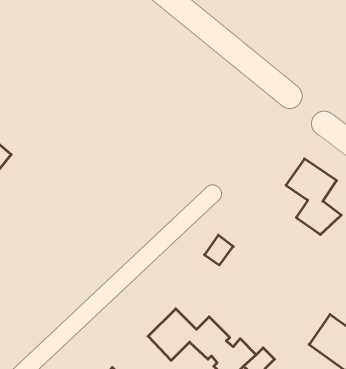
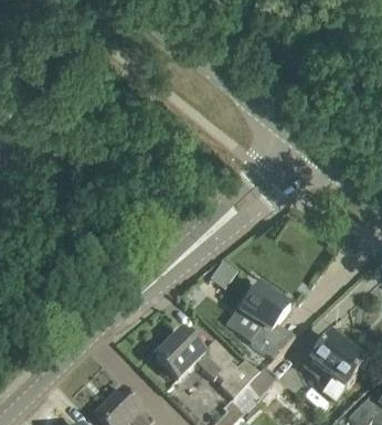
building: [286,159,341,235] -> [238,284,291,357]

